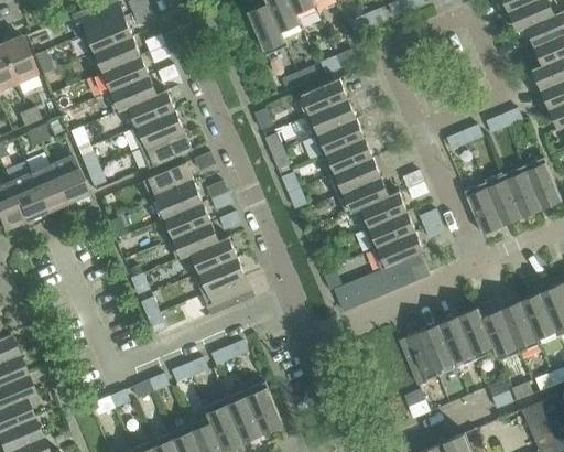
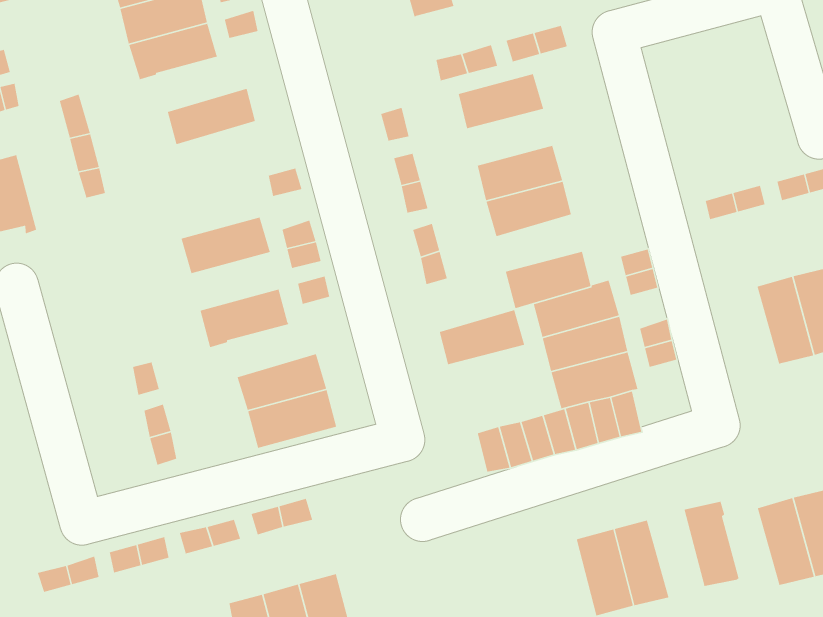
building: [123,88,176,129] -> none
building: [305,98,356,136] -> none
building: [140,128,193,169] -> none
building: [50,155,88,207] -> none
building: [330,157,381,194] -> [439,309,525,365]
building: [142,163,194,201] -> none
building: [465,183,502,235] -> none
building: [159,202,210,240] -> none
building: [185,236,237,276] -> none
building: [482,310,520,362] -> none
building: [440,316,477,368] -> none

